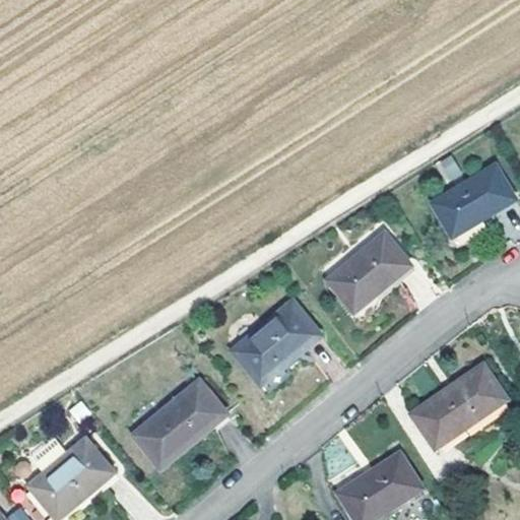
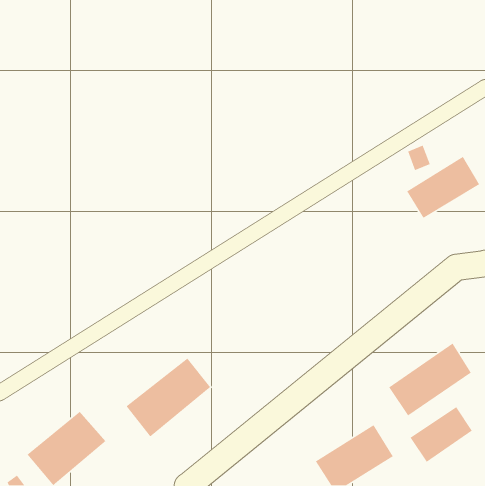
building: [328,234,408,312] -> none
building: [236,304,318,382] -> none
building: none -> [409,406,473,463]

